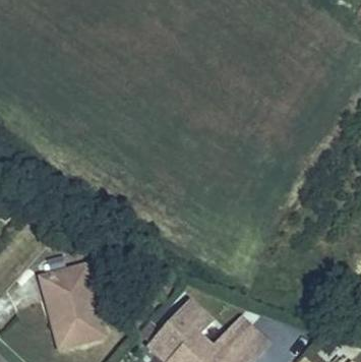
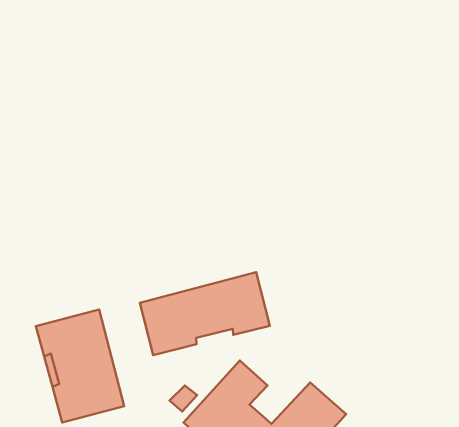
building: none -> [140,272,270,355]

